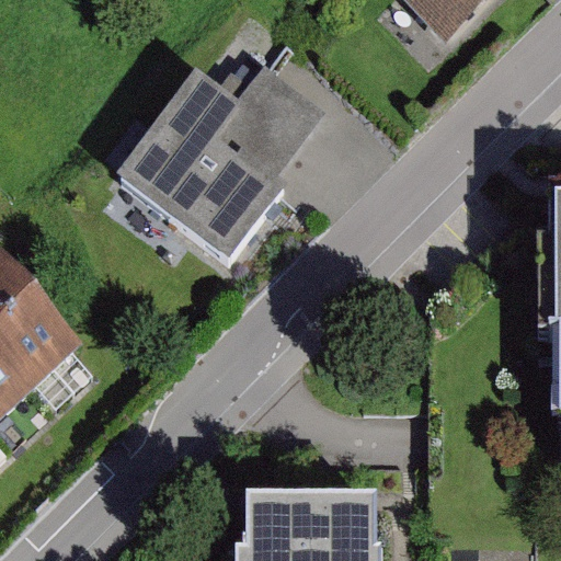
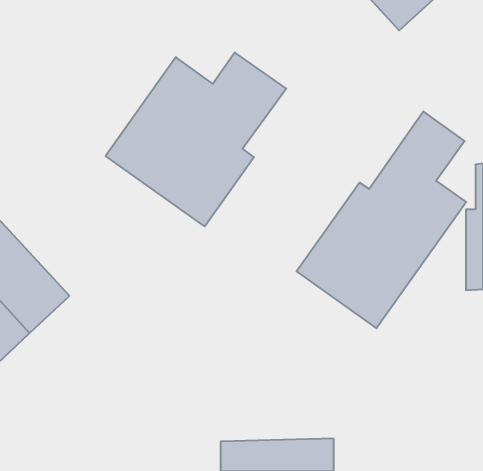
building: none -> [297,111,466,328]

